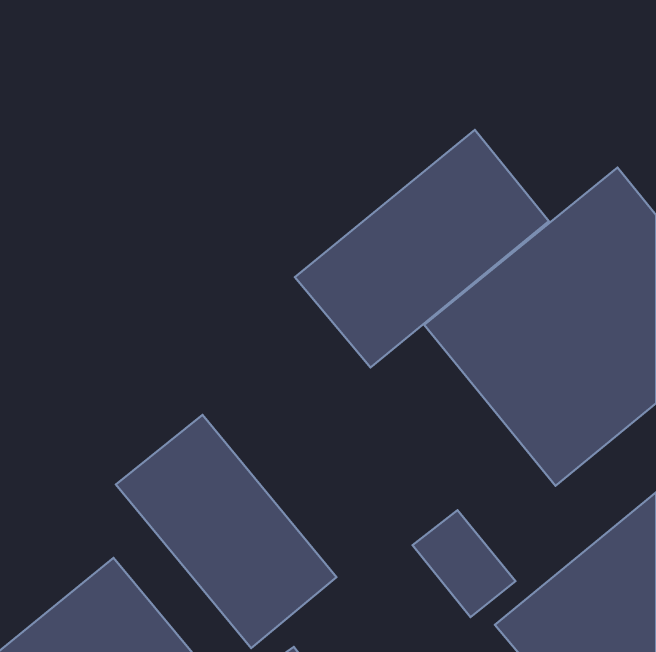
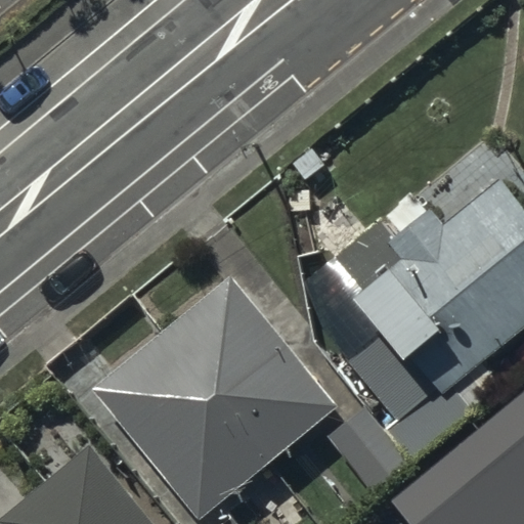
building: [295,130,549,367] -> none
building: none -> [161,276,338,464]

